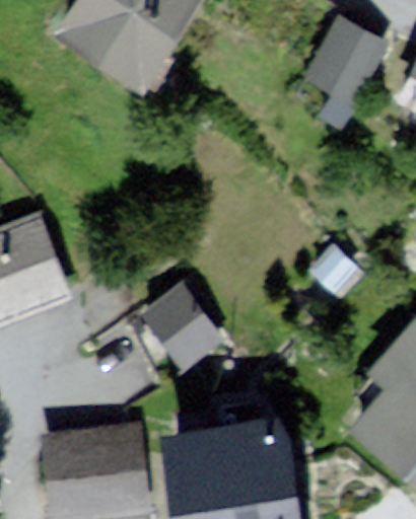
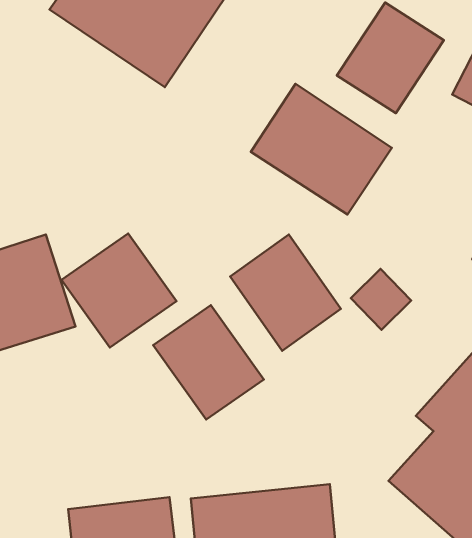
building: none -> [251,84,392,215]
building: none -> [62,234,176,348]
building: none -> [230,234,341,351]

